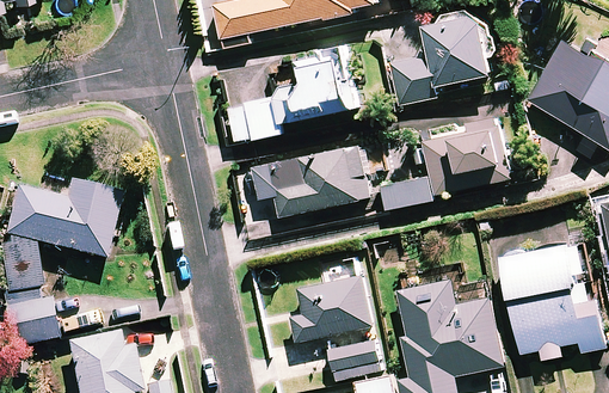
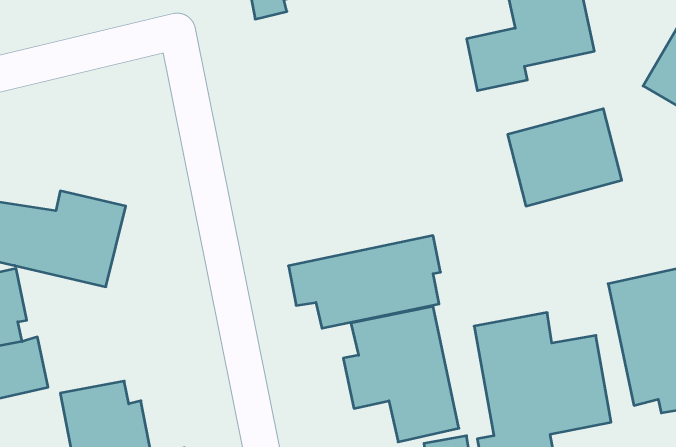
building: [224,49,353,142] -> none
building: [252,142,371,215] -> [288,236,441,328]
building: [379,176,430,209] -> none

